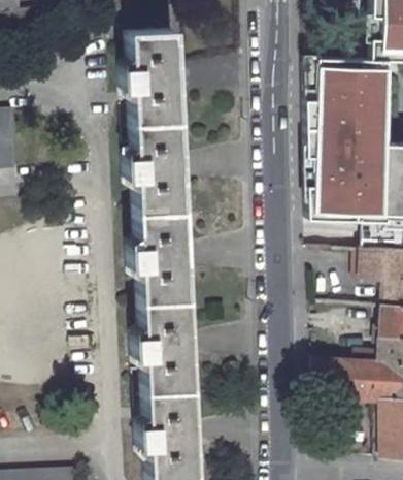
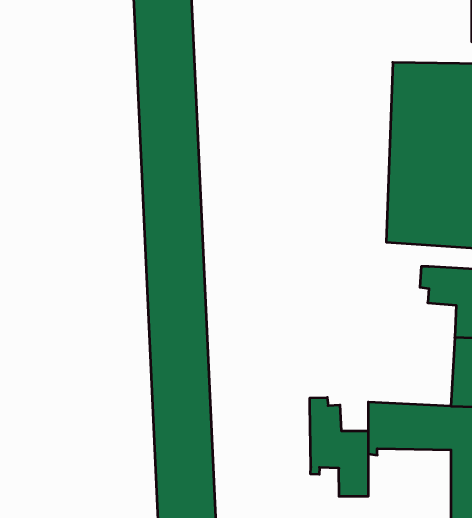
building: none -> [310,397,368,496]

